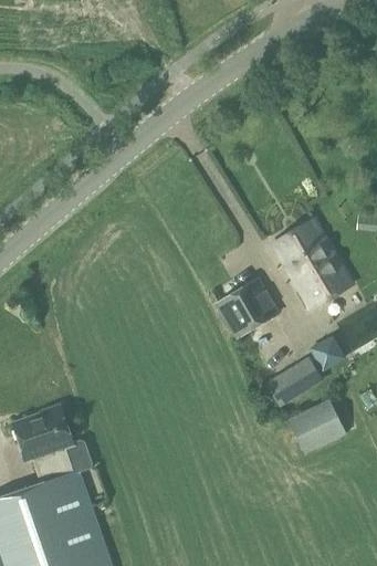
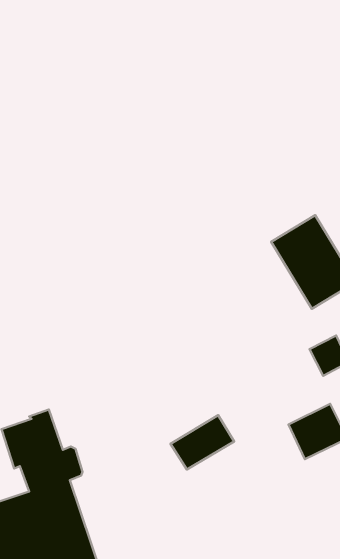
building: [216,279,279,340] -> none
building: [263,357,324,409] -> [171,415,234,469]

